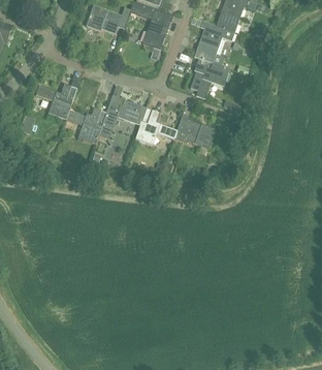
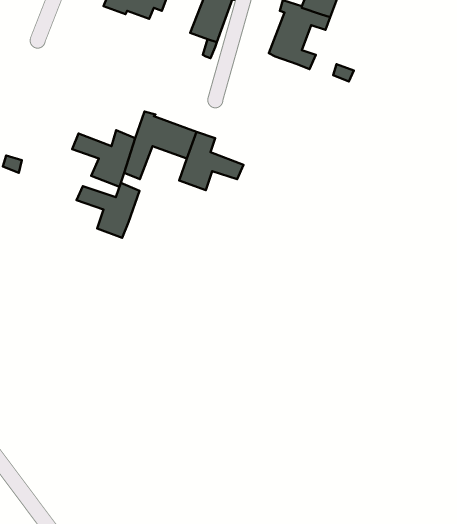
building: [190,58,230,99] -> none
building: [35,83,76,119] -> [77,183,140,238]
building: [173,114,216,148] -> none

